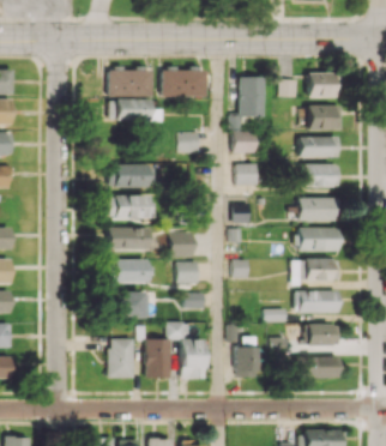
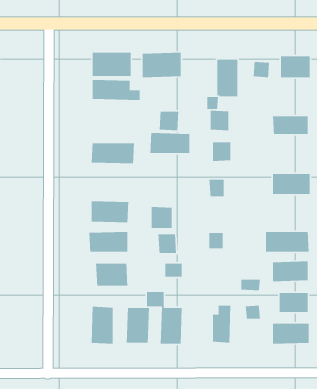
building: [308,106,340,131] -> none
building: [304,164,339,187] -> none
building: [108,195,151,218] -> [149,132,190,154]
building: [300,228,339,252] -> none

